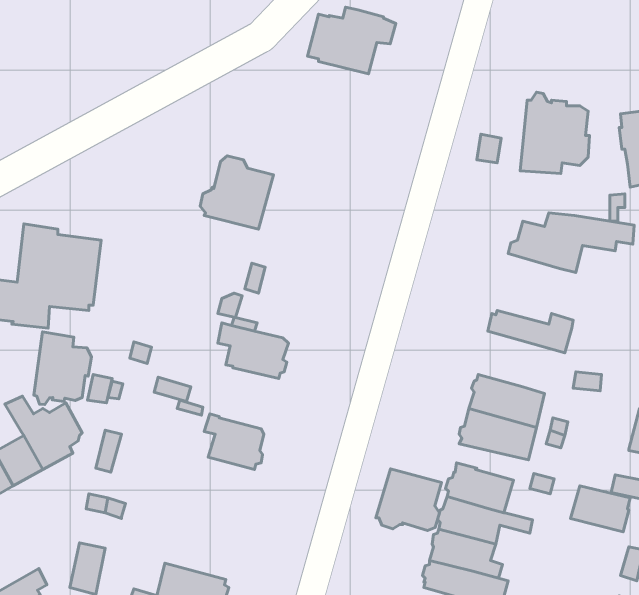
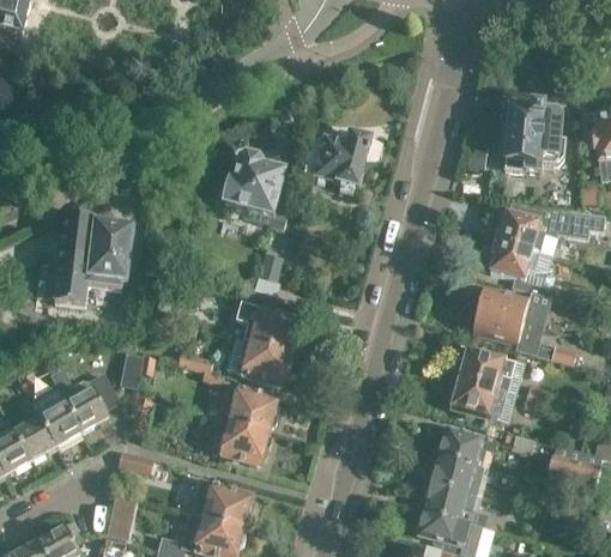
building: [308,7,396,74] -> [304,129,382,188]
building: none -> [489,241,555,297]
building: none -> [470,309,543,347]
building: [34,332,91,404] -> none
building: none -> [226,338,291,385]
building: none -> [211,420,271,465]
building: [376,469,441,530] -> none
building: none -> [190,479,250,528]

